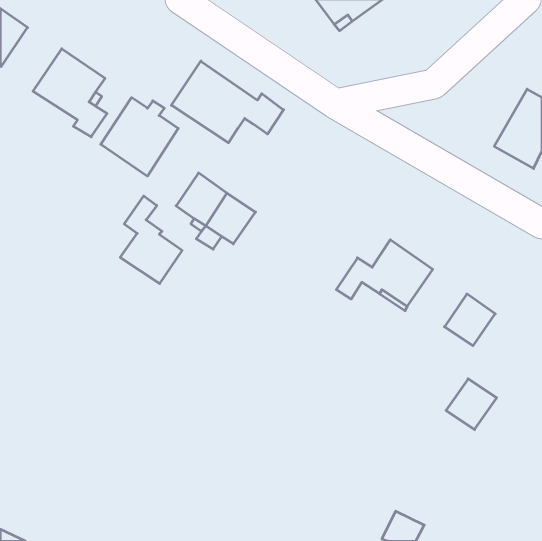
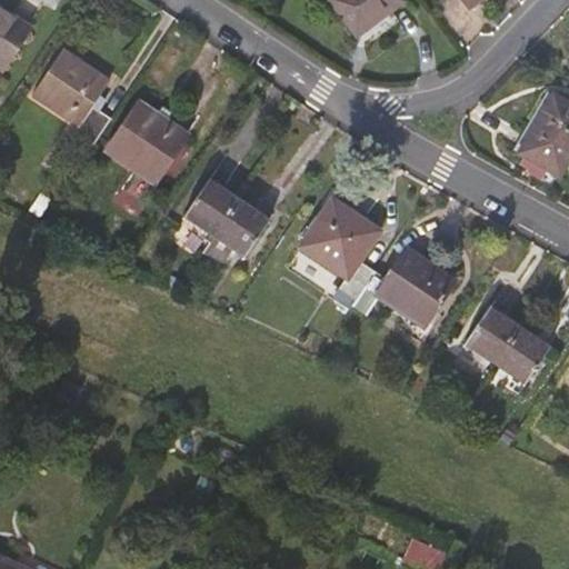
building: [171,61,284,143] -> none
building: none -> [301,200,378,309]
building: [120,196,182,284] -> none
building: [446,379,497,430] -> [496,329,549,382]

